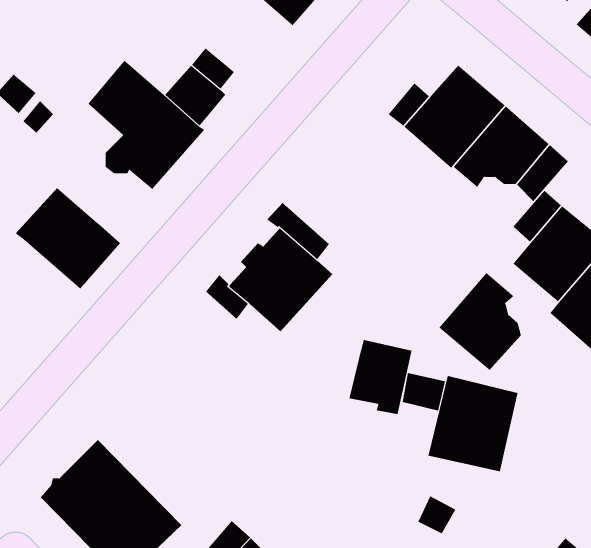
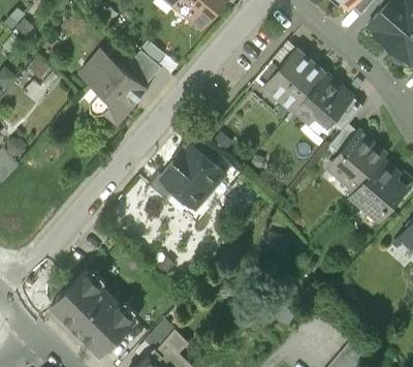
building: [15,187,121,289] -> none
building: [439,272,521,371] -> none
building: [349,339,412,415] -> none
building: [428,375,518,472] -> none

